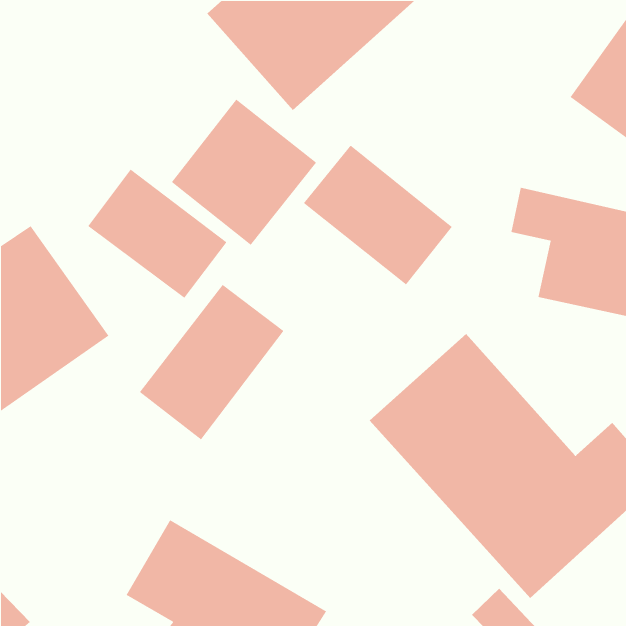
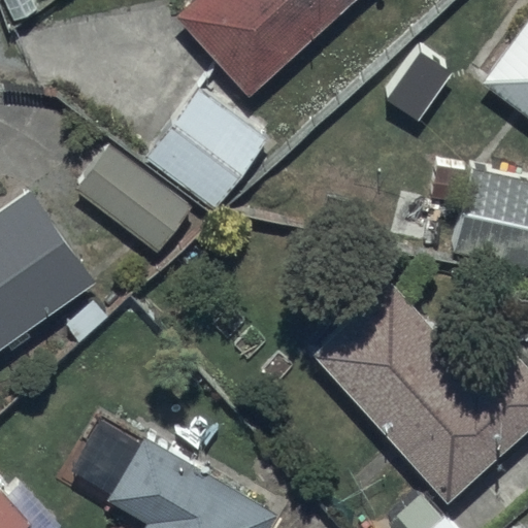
building: [303,144,453,285] -> none
building: [139,284,285,441] -> none

